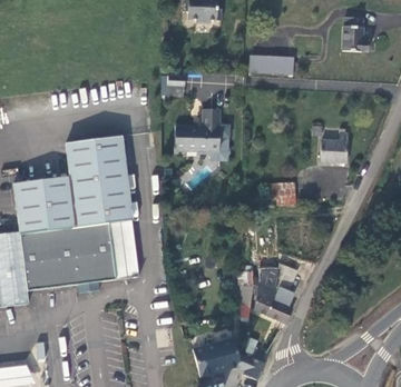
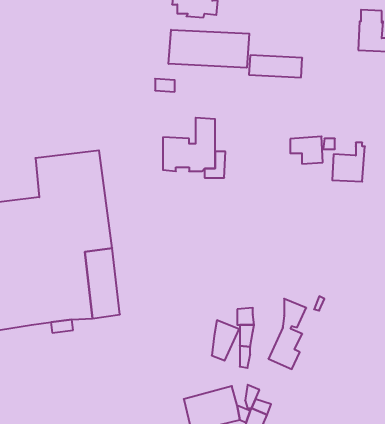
building: none -> [169,30,249,68]
building: [267,181,295,205] -> [290,136,323,164]
building: [254,279,277,314] -> [212,320,239,361]

